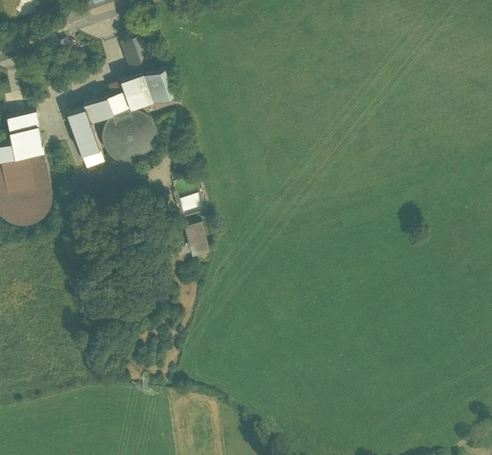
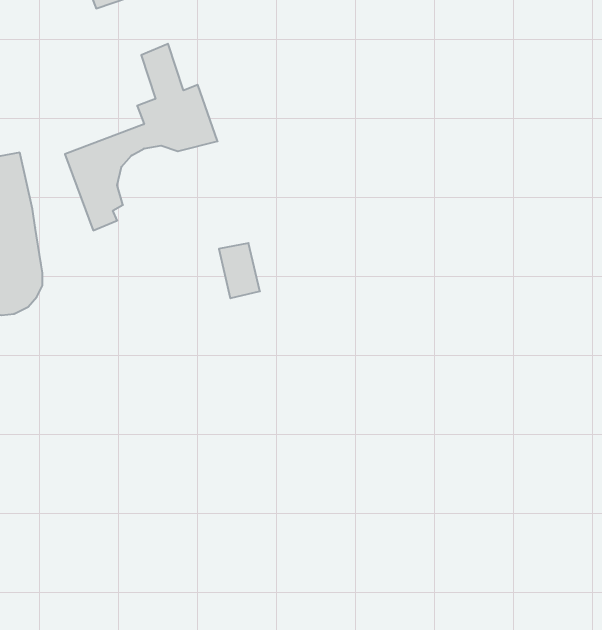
building: [102,107,158,164] -> none
building: [187,221,210,255] -> none

